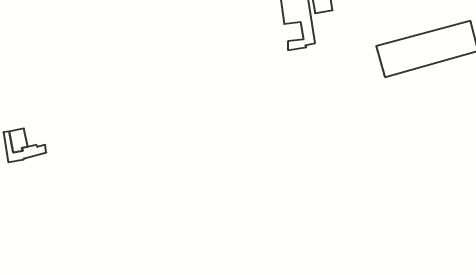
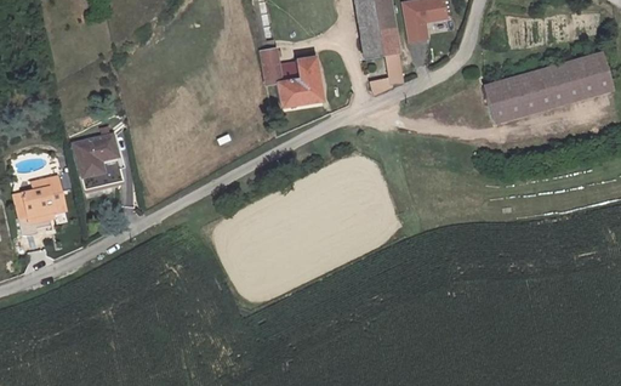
building: none -> [262,49,323,107]
building: none -> [74,135,126,188]
building: none -> [39,178,67,211]

